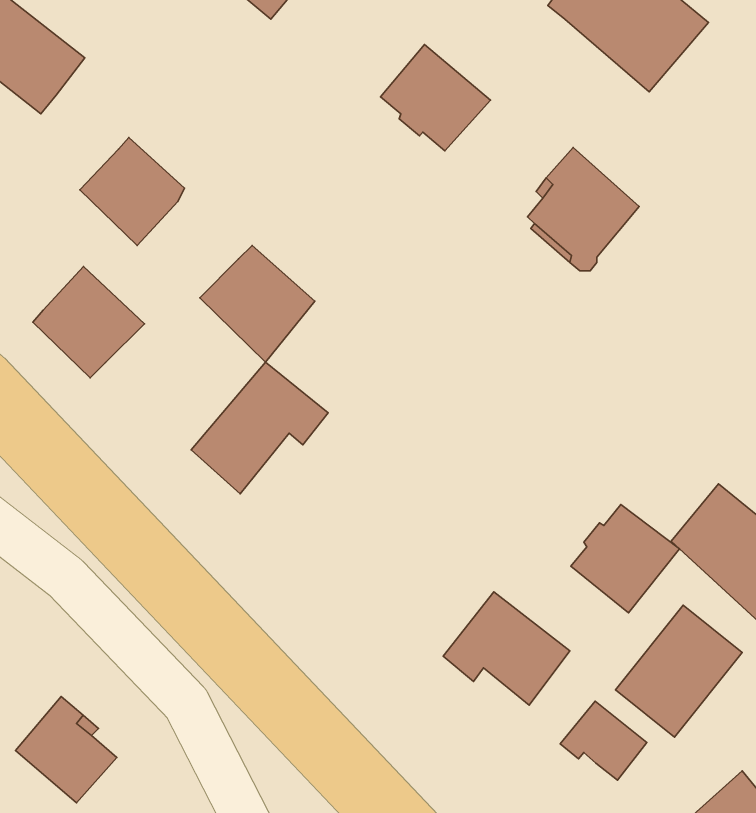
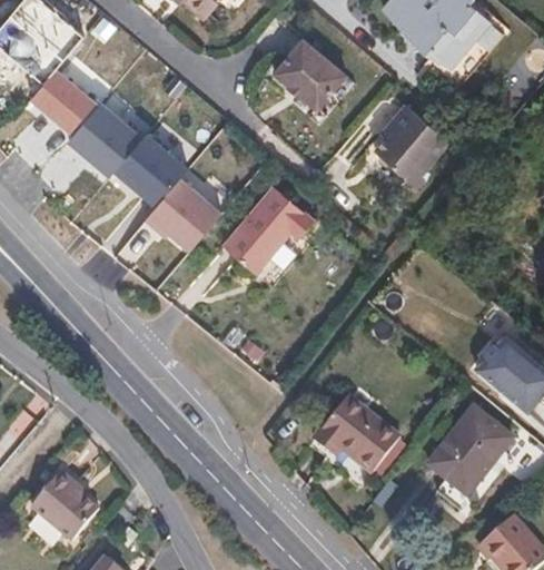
building: none -> [32,70,102,140]
building: [33,266,144,378] -> [108,140,181,214]
building: [191,362,328,494] -> [224,186,314,273]
building: [571,504,680,613] -> none
building: [560,701,647,780] -> none

